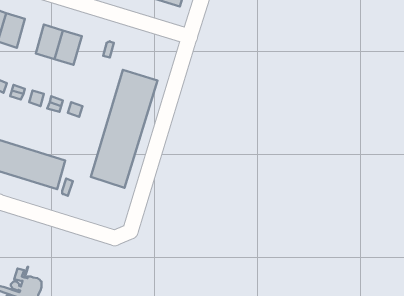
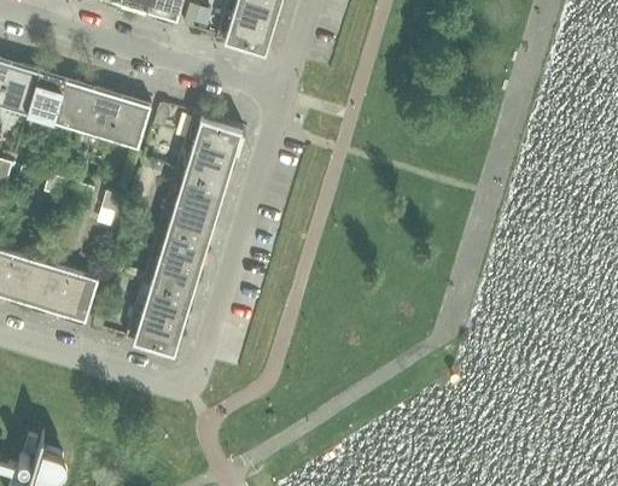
building: none -> [27,72,66,123]
building: none -> [110,98,151,148]
building: none -> [182,115,243,163]
building: none -> [124,304,185,353]

